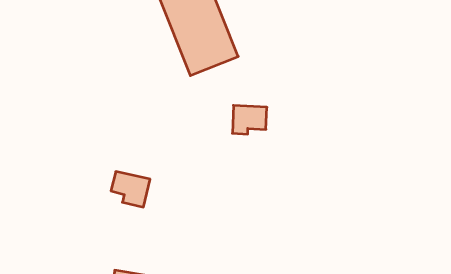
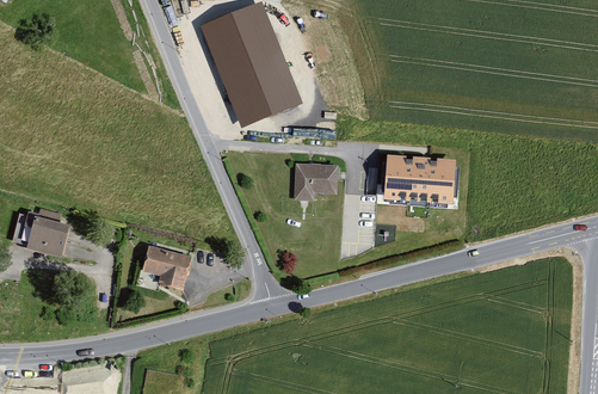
building: none -> [383,155,455,204]
building: none -> [11,211,69,254]

